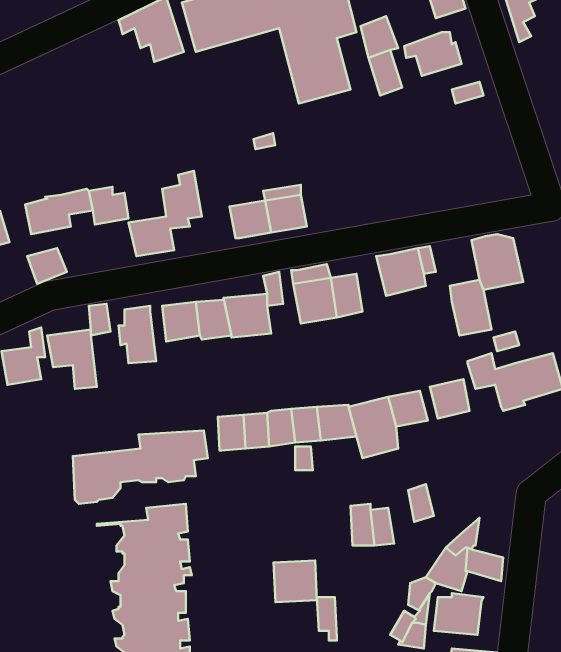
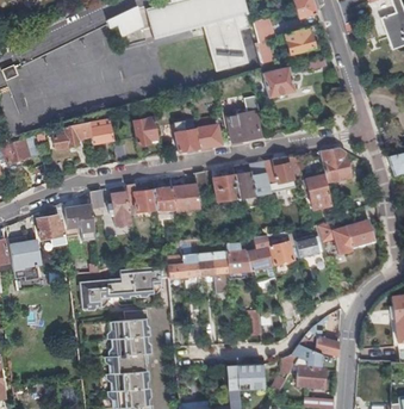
building: none -> [259,66,296,97]
building: none -> [229,110,262,141]
building: [273,560,317,602] -> [238,365,265,390]

